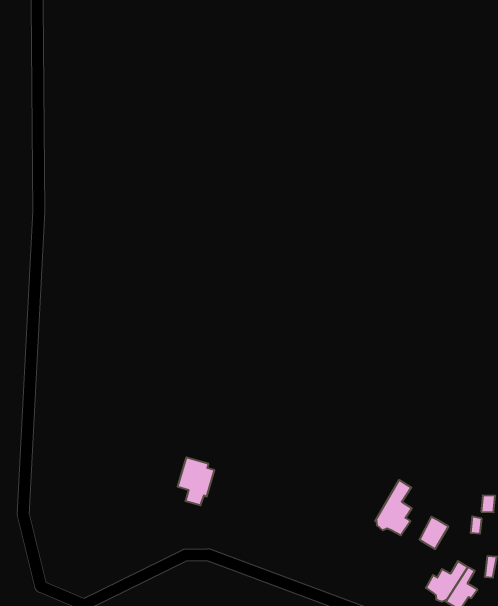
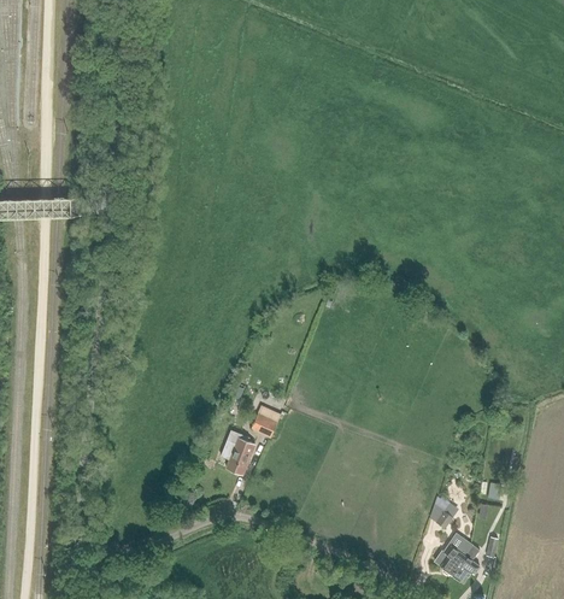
building: none -> [252,405,282,437]
building: [375,480,412,535] -> none

